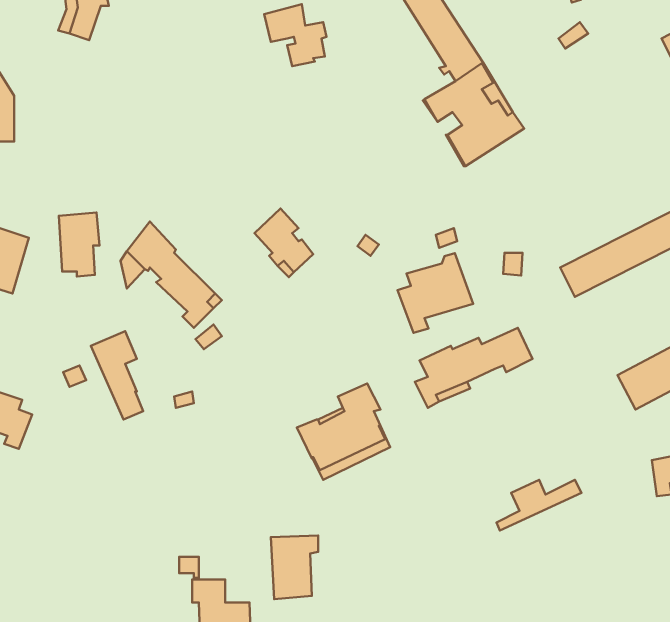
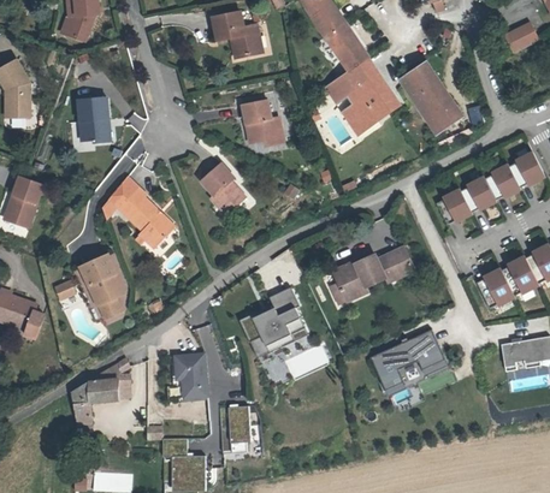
building: none -> [410,60,465,126]
building: none -> [241,97,282,142]
building: [59,213,100,276] -> [77,99,107,145]
building: [397,253,473,333] -> none
building: none -> [367,333,440,393]
building: none -> [179,349,208,388]
building: none -> [73,355,130,411]

